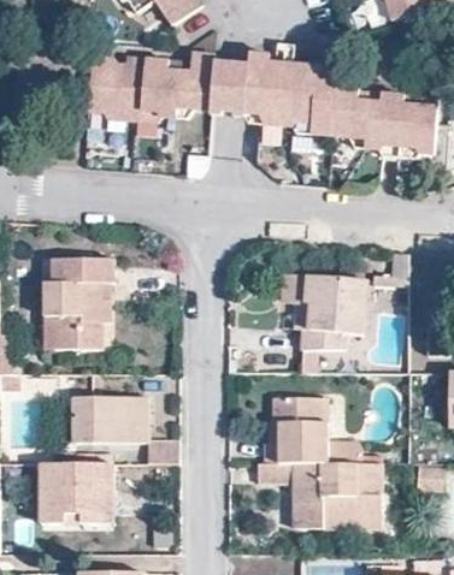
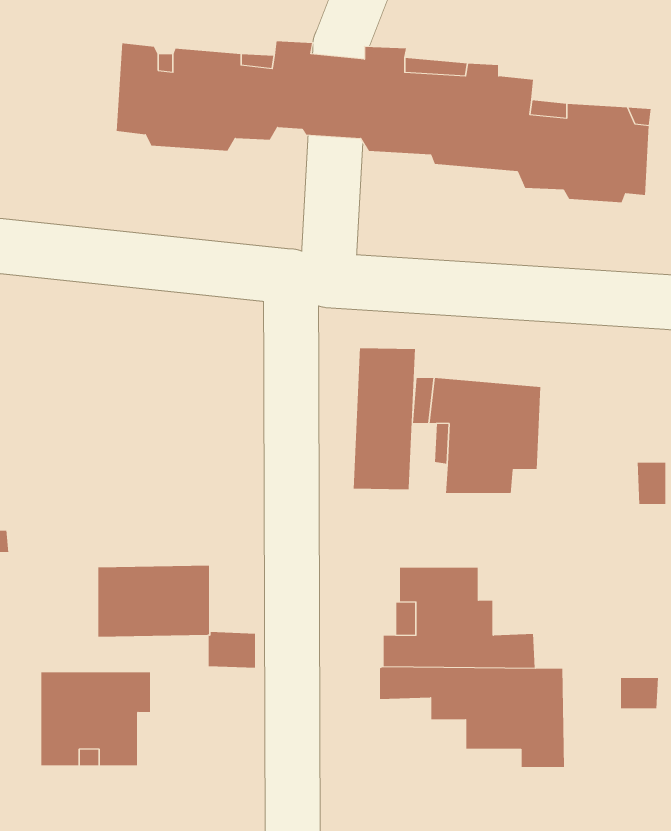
building: none -> [353,348,416,490]
building: [45,256,114,346] -> none
building: [293,496,352,527] -> none

